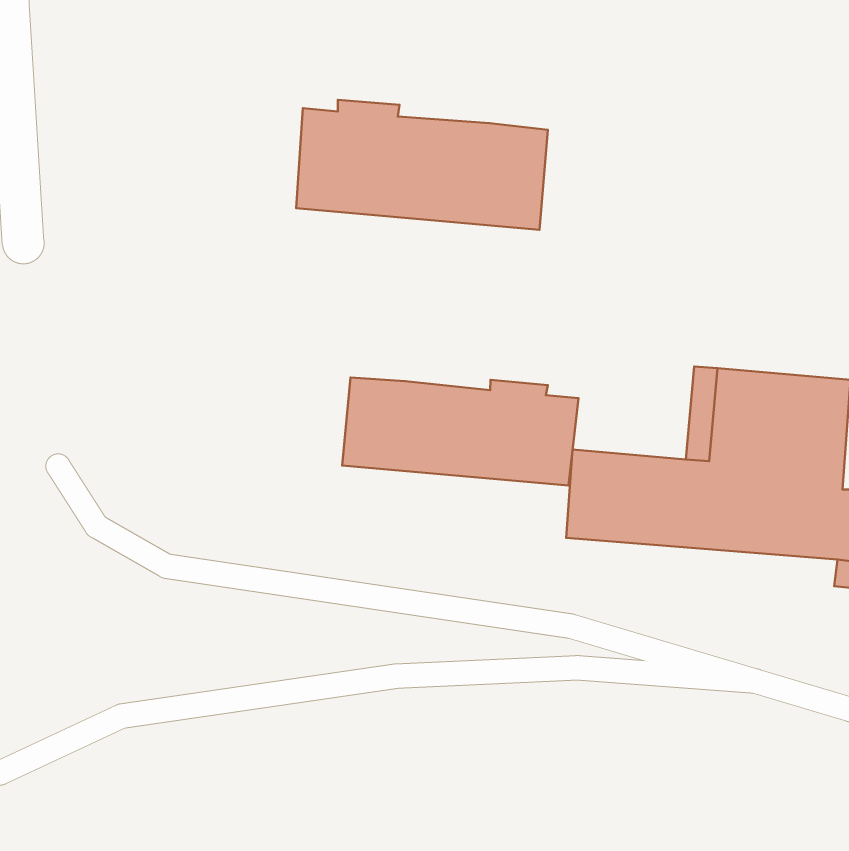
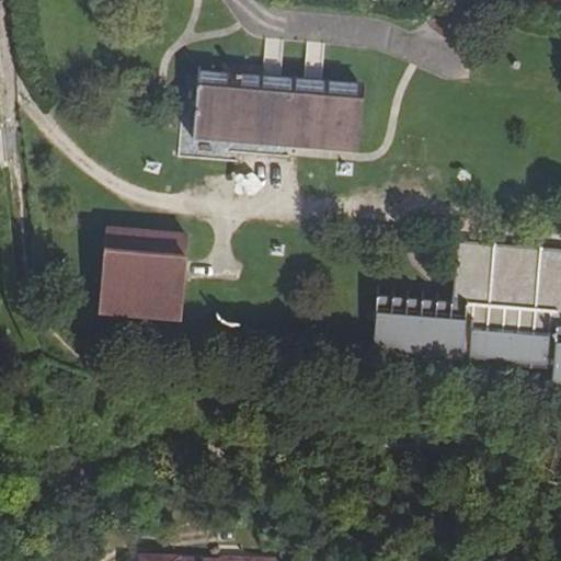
building: none -> [100,231,188,321]
building: [342,378,578,486] -> none

